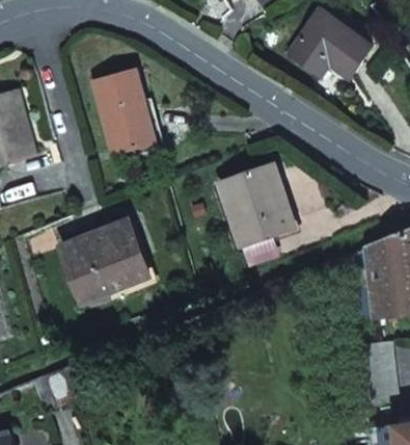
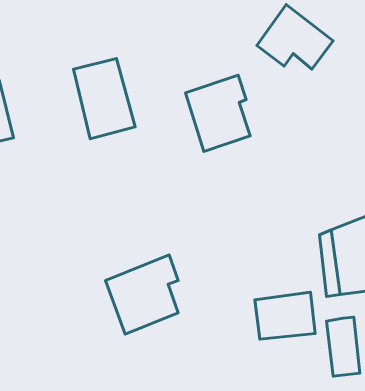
building: [221,165,290,246] -> [185,75,250,152]
building: [61,214,138,298] -> [106,255,178,334]
building: none -> [255,292,315,339]

